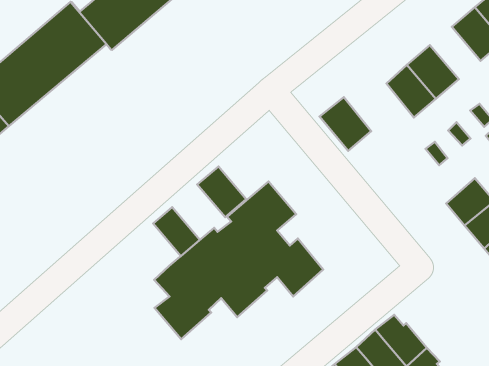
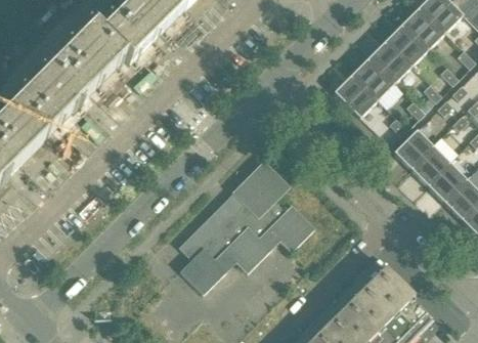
building: none -> [386,25,428,67]
building: [319,97,371,151] -> [335,75,378,118]
building: none -> [394,131,431,168]
building: [197,167,246,217] -> none
building: [153,207,200,256] -> none

